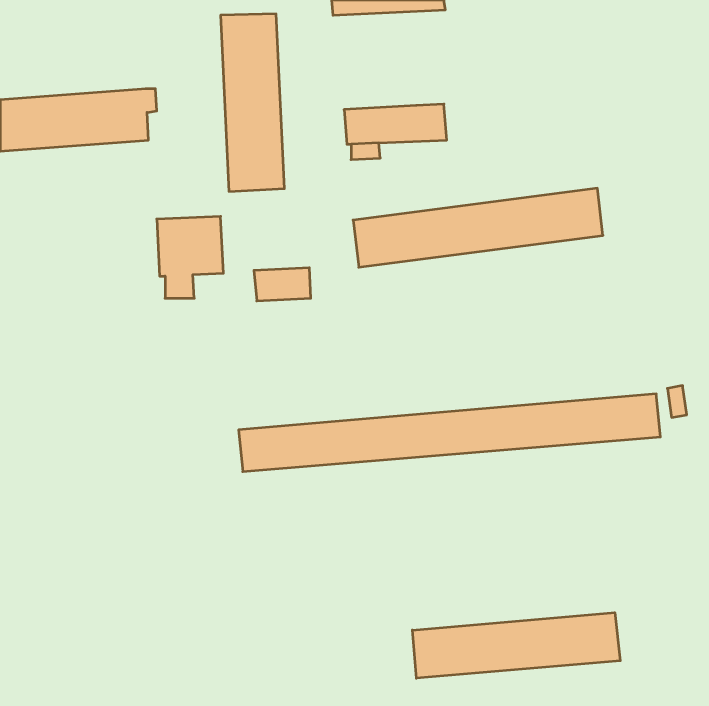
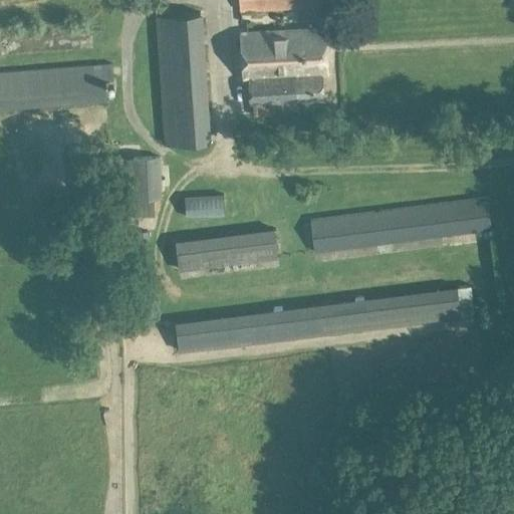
building: none -> [242,30,326,81]
building: [353,188,603,267] -> [310,199,491,256]
building: none -> [176,230,278,273]
building: [412,613,620,678] -> none

